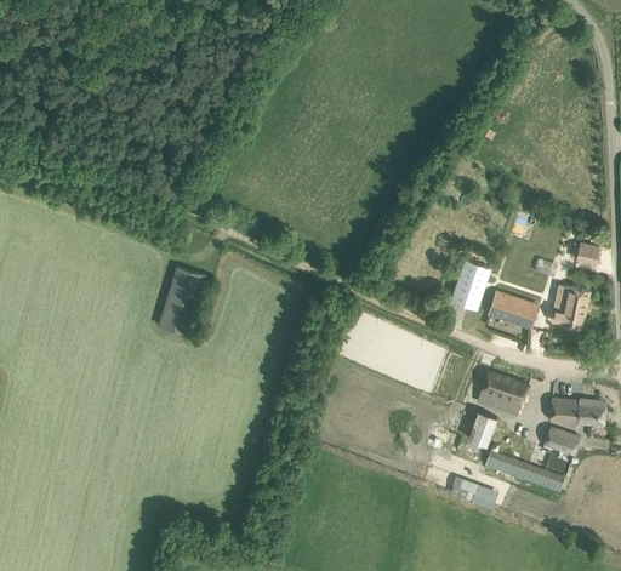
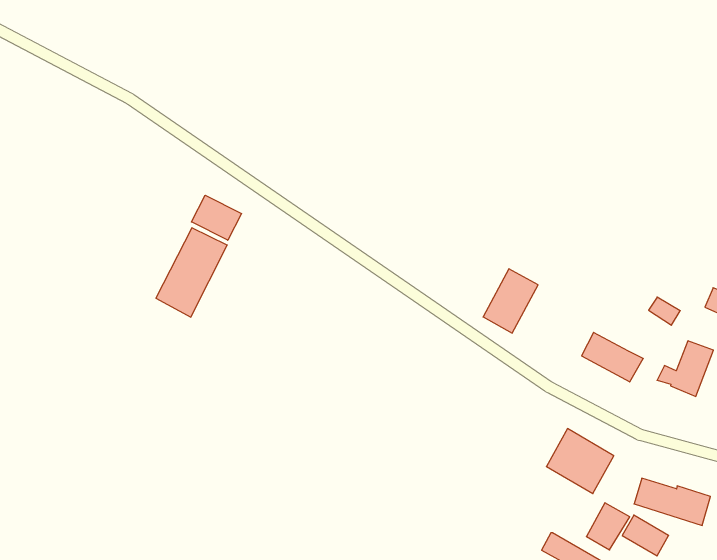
building: none -> [191,195,242,240]
building: [451,259,489,308] -> [483,269,538,333]
building: [467,410,497,445] -> [586,503,630,550]

